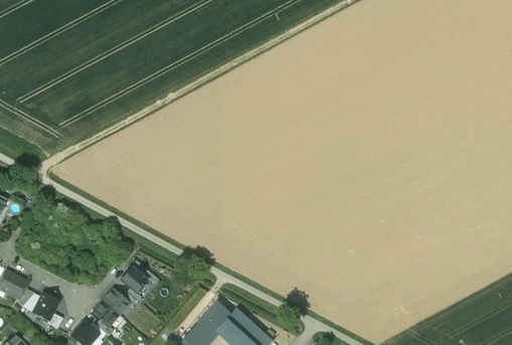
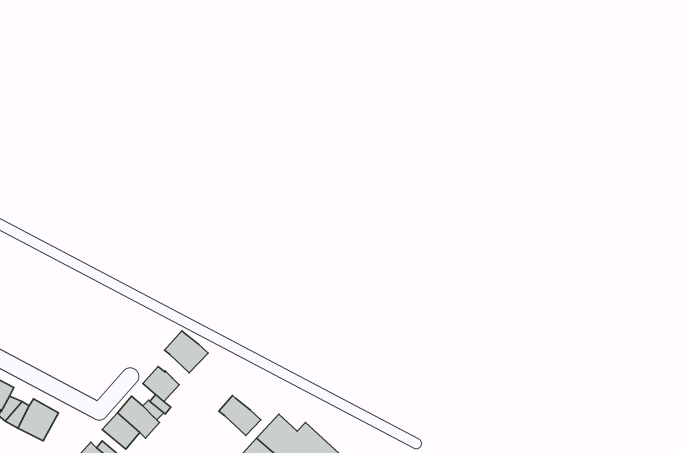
building: none -> [164,331,208,373]
building: none -> [219,396,261,435]

